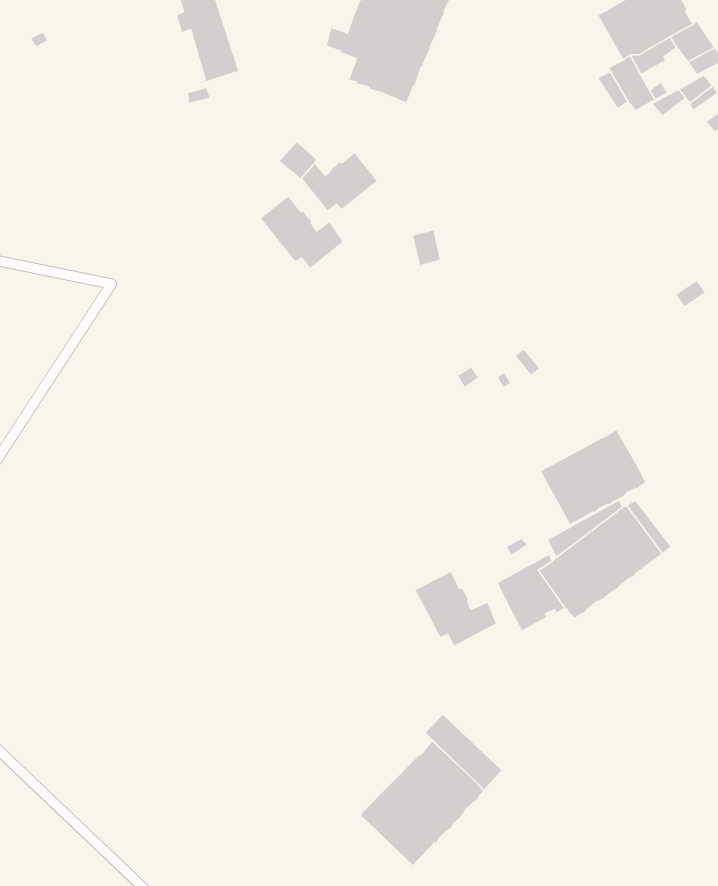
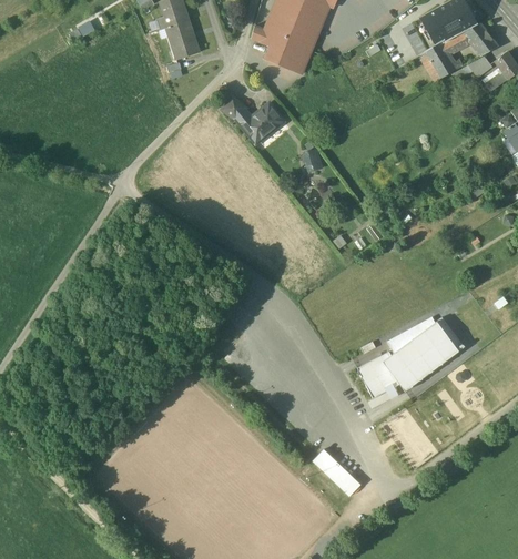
building: [260,195,343,269] -> none
building: [540,429,646,525] -> none
building: [415,571,497,647] -> none
building: [360,740,484,866] -> none

